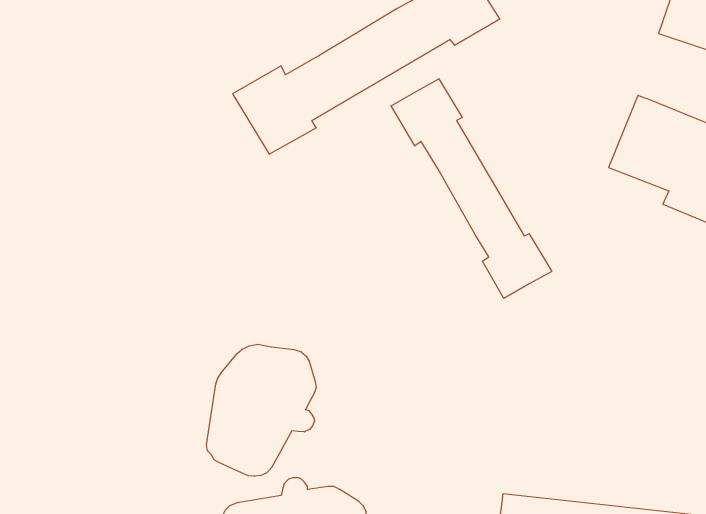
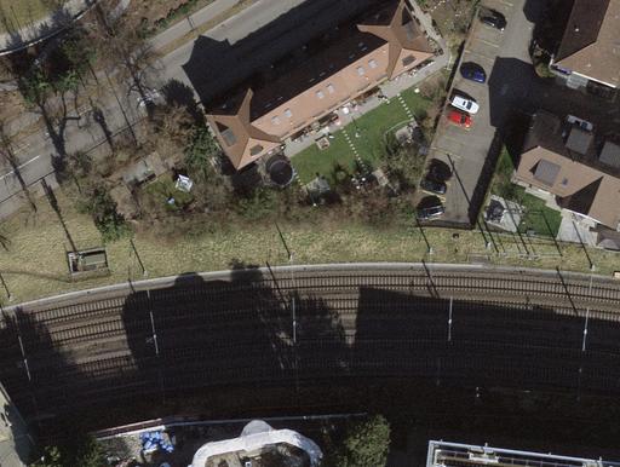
building: [391,79,552,298] -> none
building: [206,344,316,476] -> none

